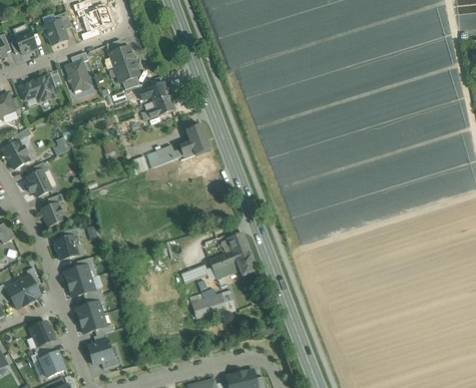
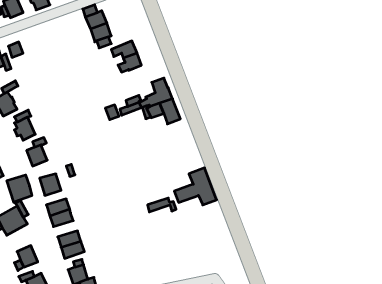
building: [64,59,90,90] -> none
building: [30,75,55,101] -> none
building: none -> [7,175,32,202]
building: [192,287,231,320] -> none

